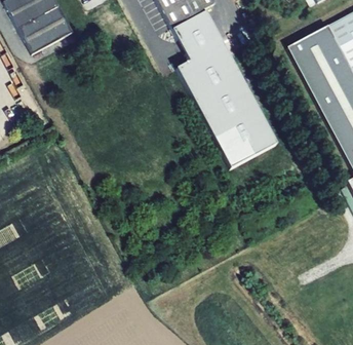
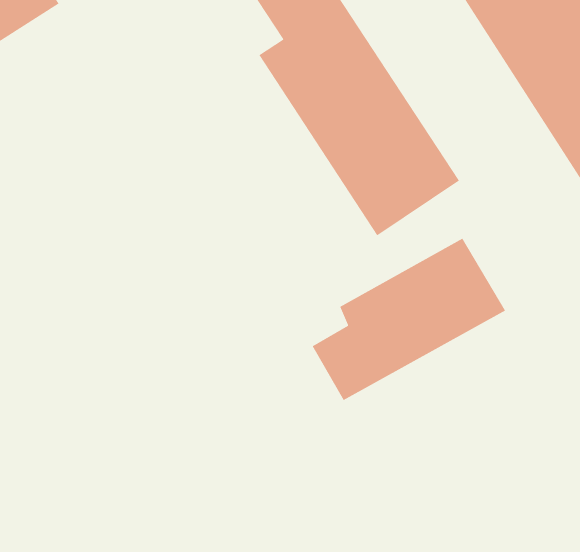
building: none -> [312,238,506,401]

